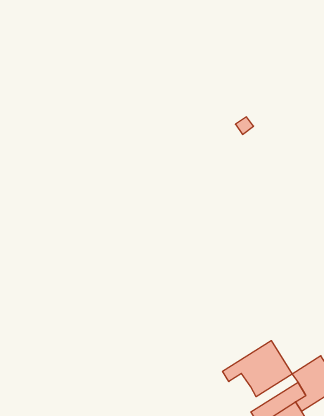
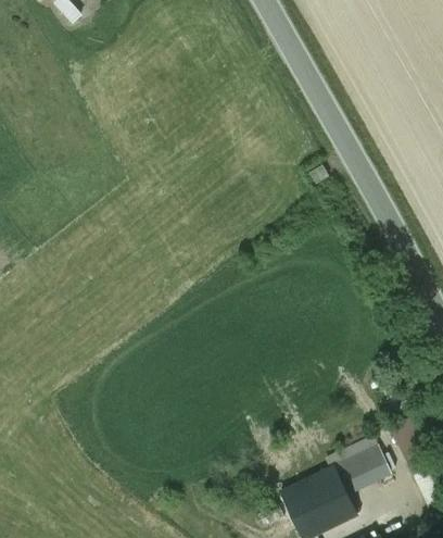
building: [223,341,292,397] -> none

